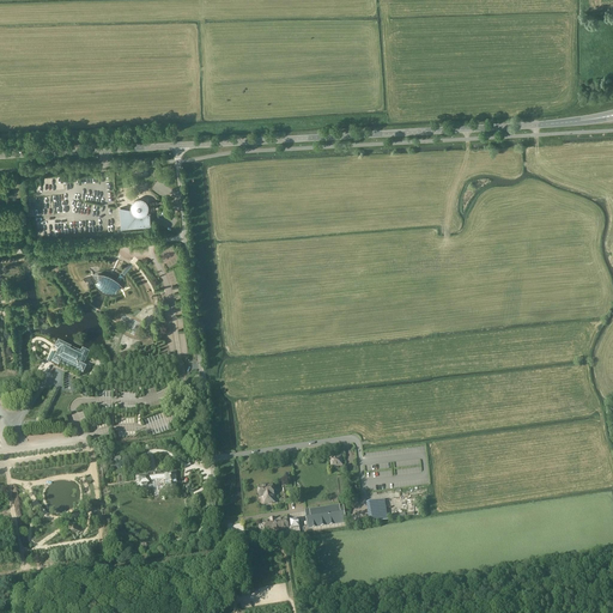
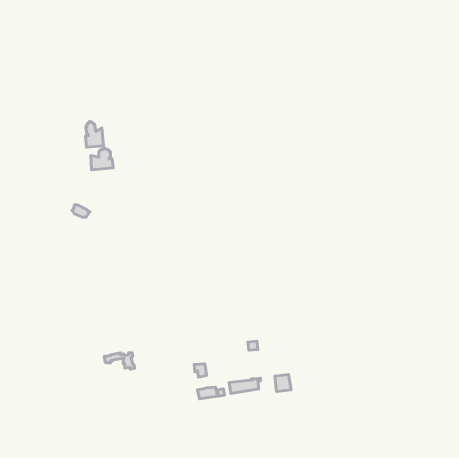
building: none -> [86,121,103,147]
building: [51,341,89,374] -> none

